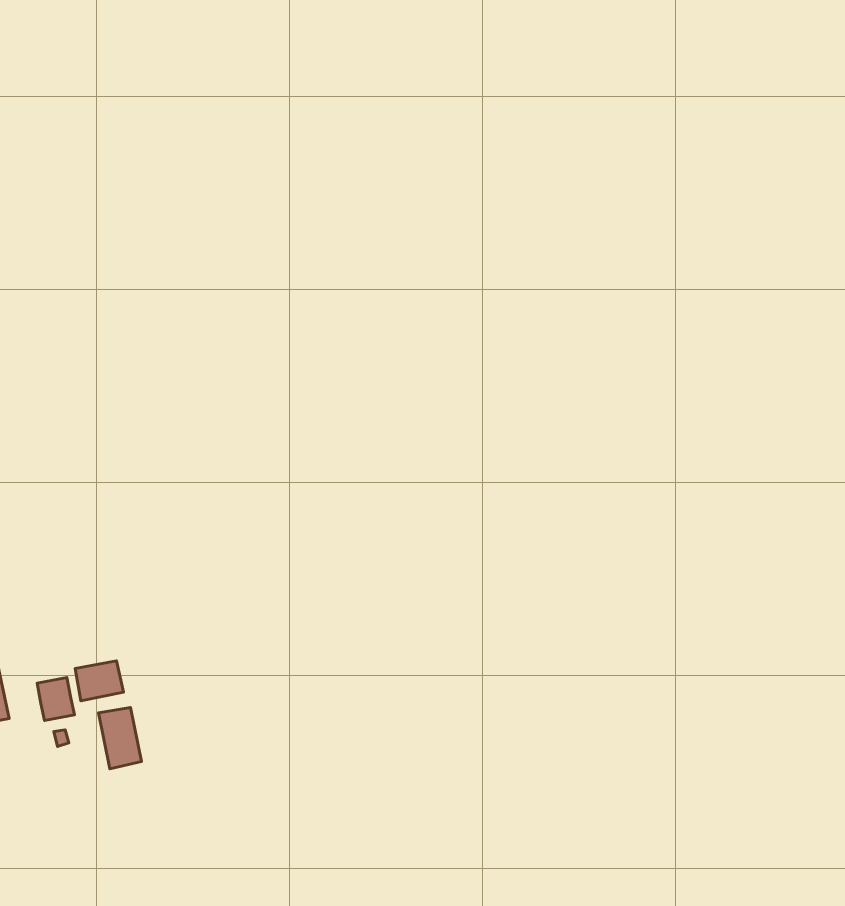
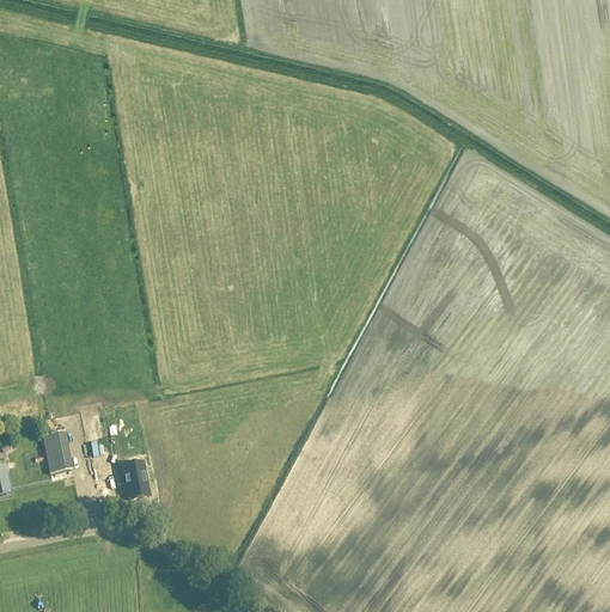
building: [75,661,123,701] -> none

